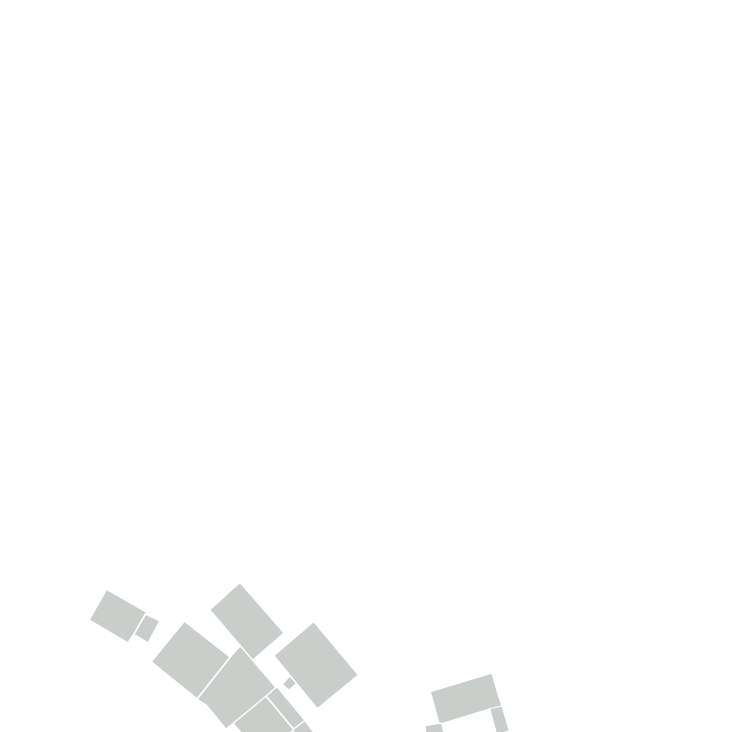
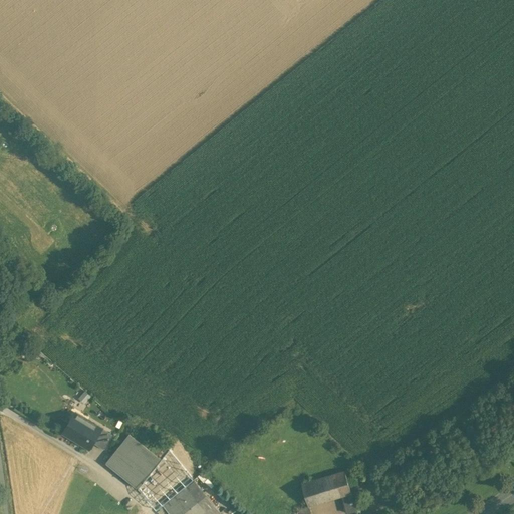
building: [210,583,284,660] -> none
building: [274,622,359,709] -> none

